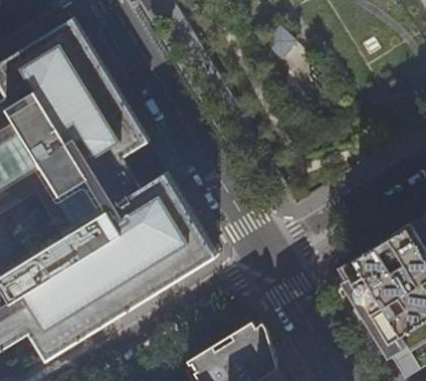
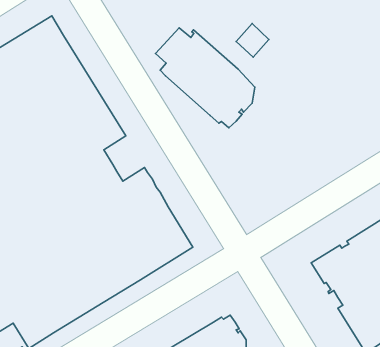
building: none -> [156,28,255,128]

